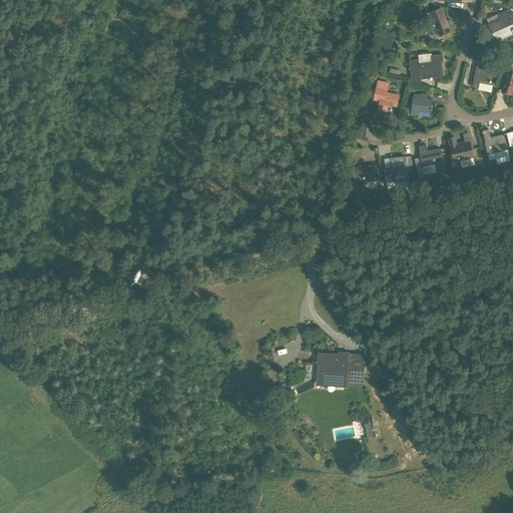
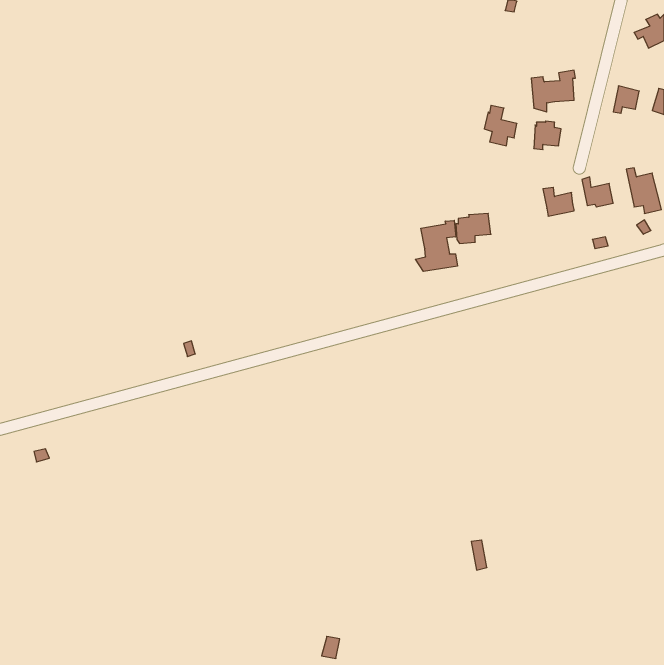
building: [426,7,454,35] -> none
building: [384,156,406,181] -> none
building: none -> [415,220,457,271]
building: [320,353,365,387] -> none

